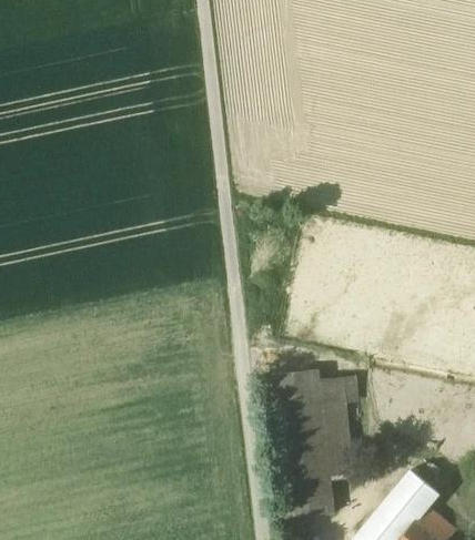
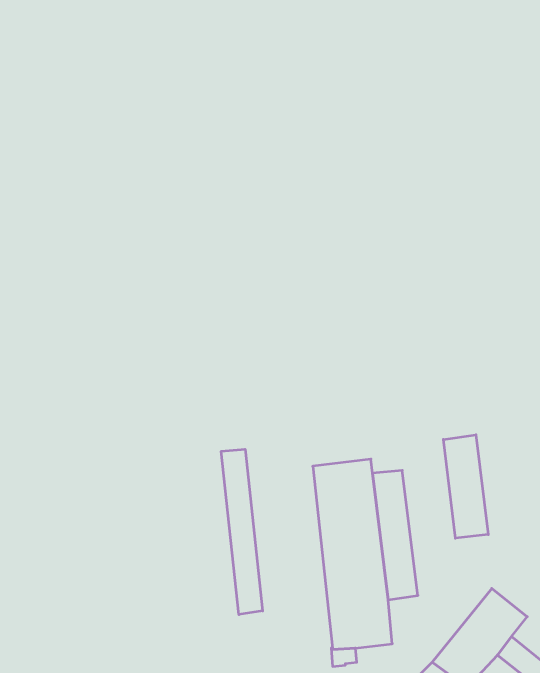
building: none -> [443,435,488,538]
building: none -> [221,449,263,615]

